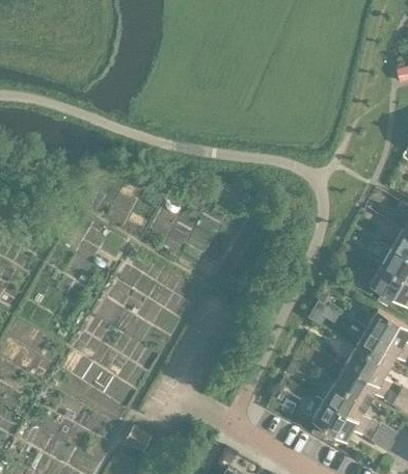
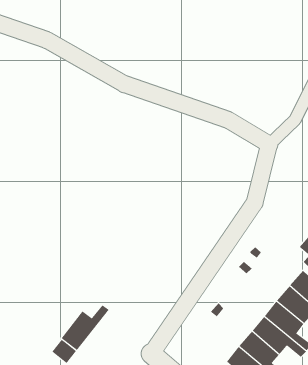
building: none -> [61,305,110,351]

